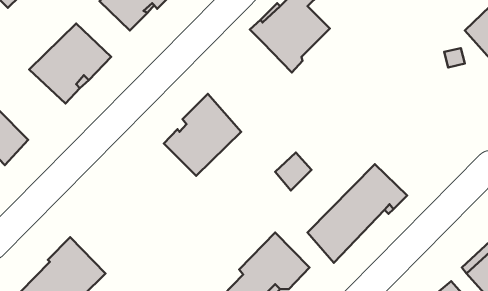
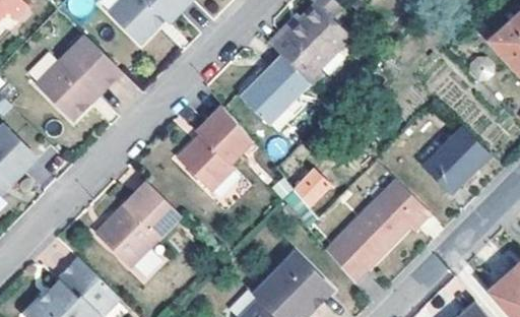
building: none -> [239,54,310,126]
building: none -> [422,127,490,194]
building: none -> [92,182,178,268]

